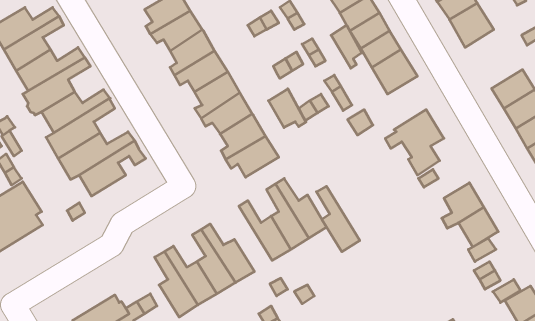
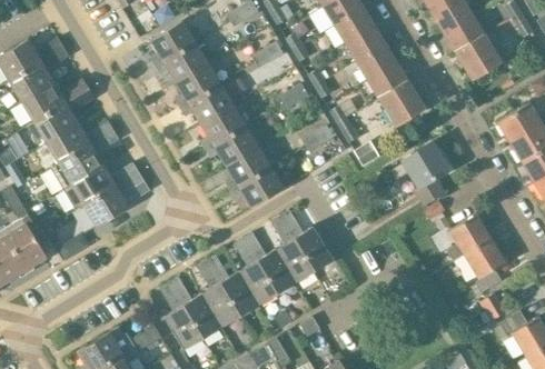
building: [331,25,362,68] -> none
building: [268,89,306,128] -> none
building: [316,186,360,252] -> [235,238,278,303]

